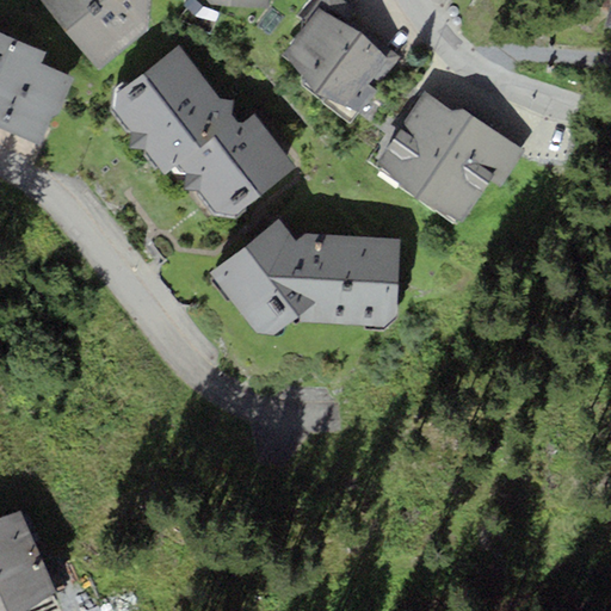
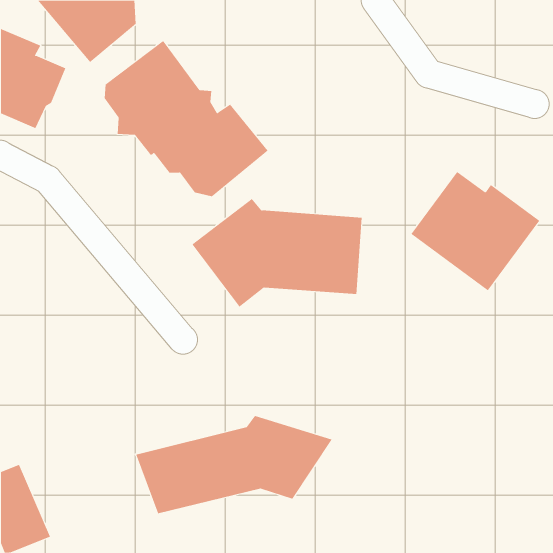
building: [284,11,385,106] -> none
building: [375,93,518,226] -> [410,171,540,291]
building: none -> [135,415,332,514]

